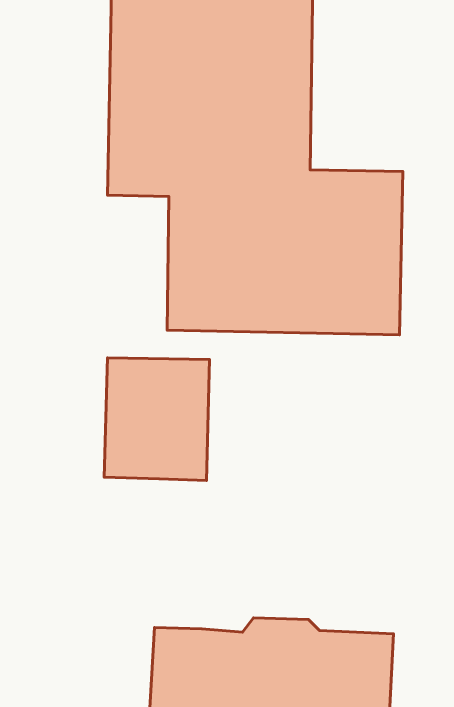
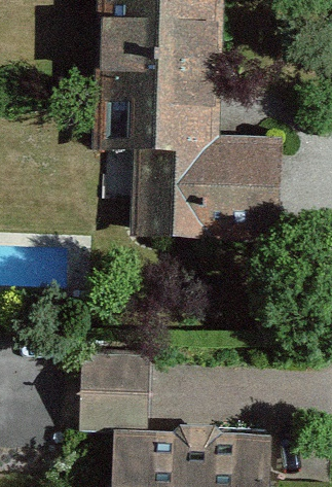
building: [104,358,210,480] -> [81,353,150,433]

